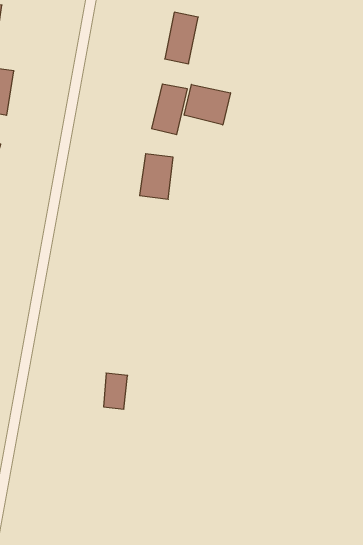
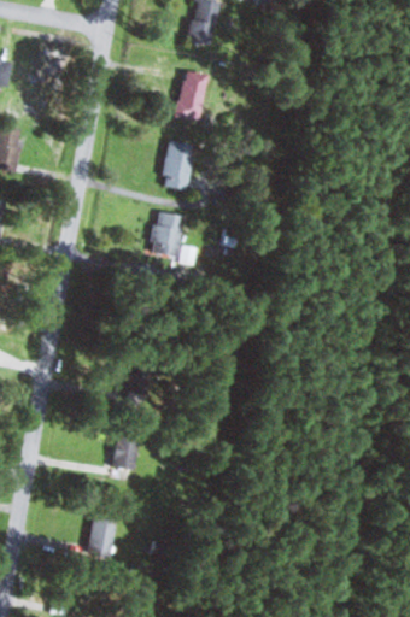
building: [184,84,230,125] -> none
building: none -> [87,516,116,559]

